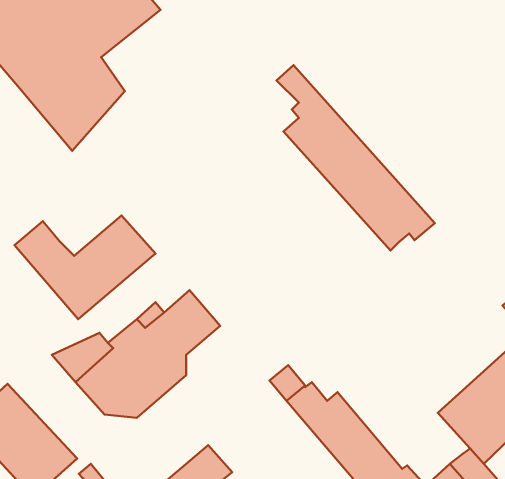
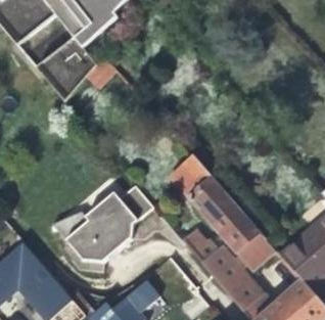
building: [277,65,435,250] -> [184,158,279,270]
building: [14,216,156,319] -> none

